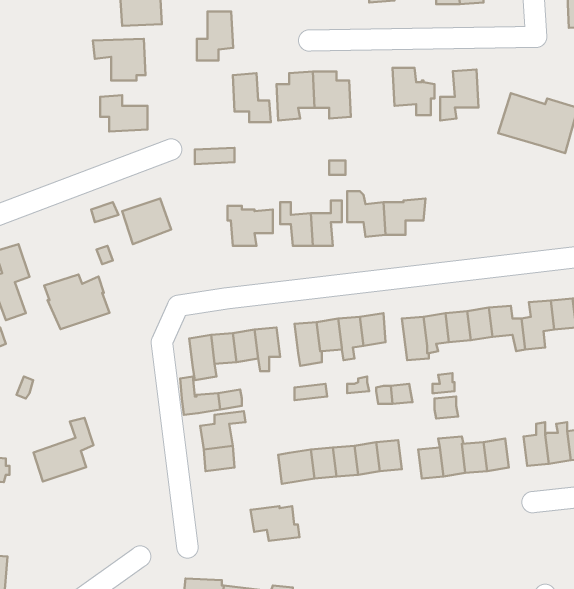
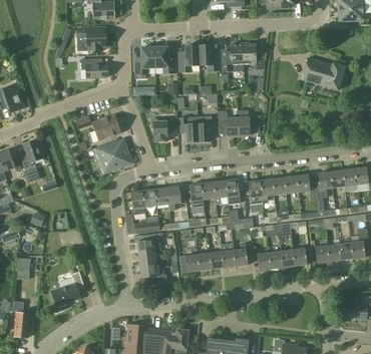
building: [197,11,233,61] -> [135,47,155,74]
building: [440,69,478,120] -> [223,43,244,71]
building: [44,275,109,329] -> [95,142,131,172]
building: [34,418,94,482] -> [51,272,84,307]
building: [251,506,300,541] -> [139,264,166,283]

